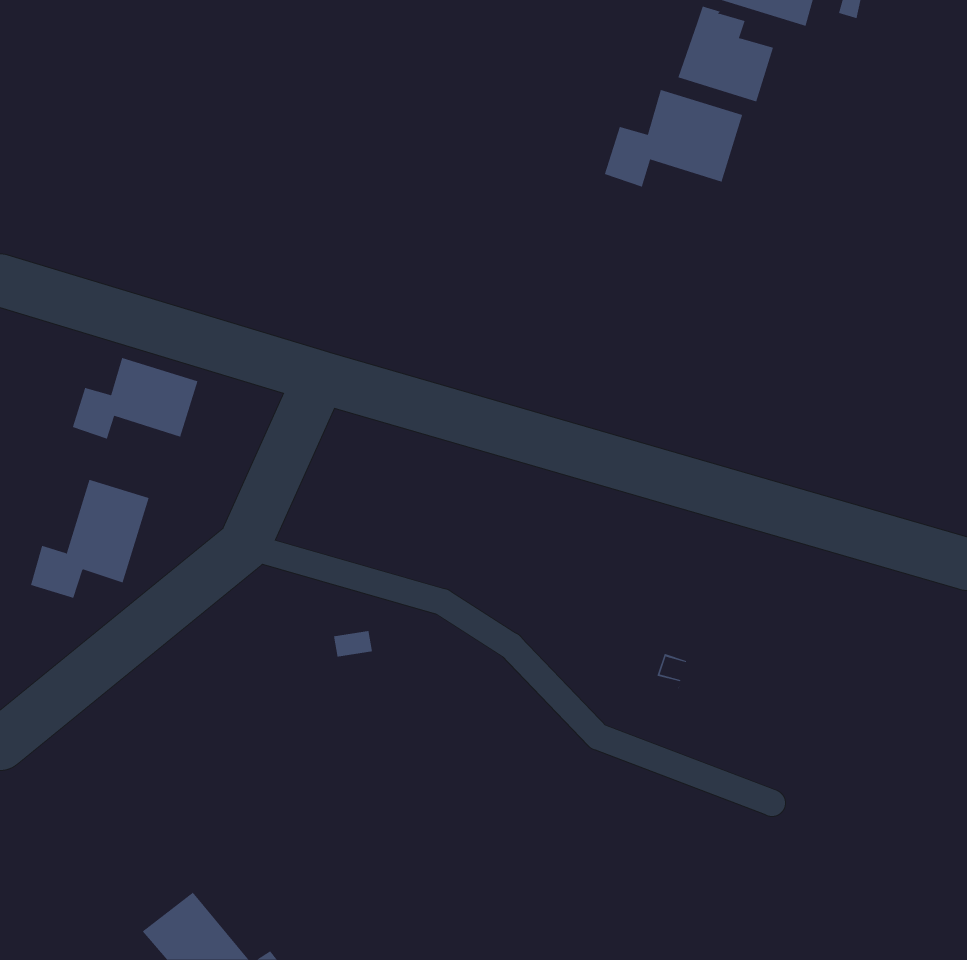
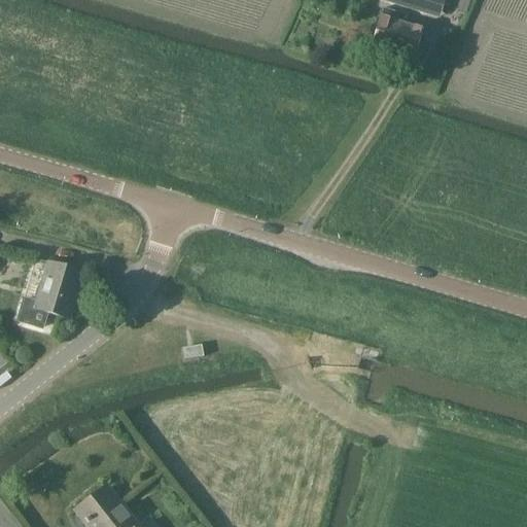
building: [604,89,743,188] -> none
building: [72,357,198,439] -> none

